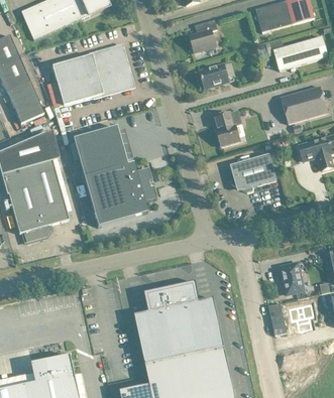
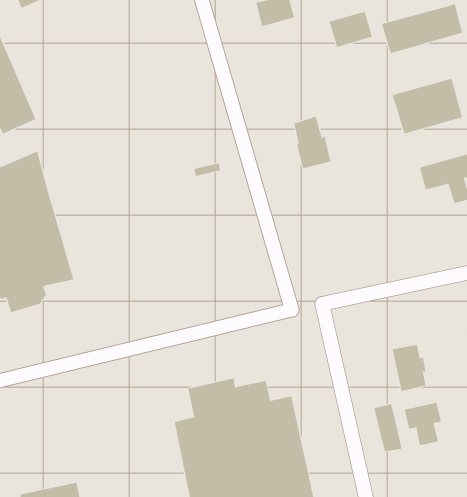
building: [51,46,132,105] -> none
building: [200,63,229,88] -> [329,11,373,47]
building: [73,126,156,226] -> none
building: [230,153,277,191] -> none

